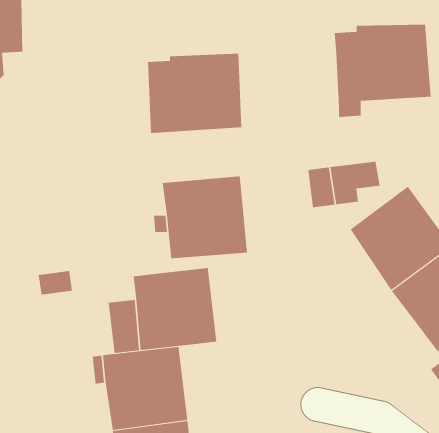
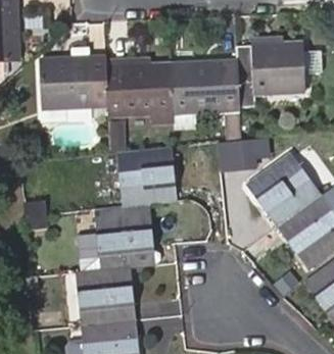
building: none -> [41,56,107,108]
building: none -> [171,59,240,113]

